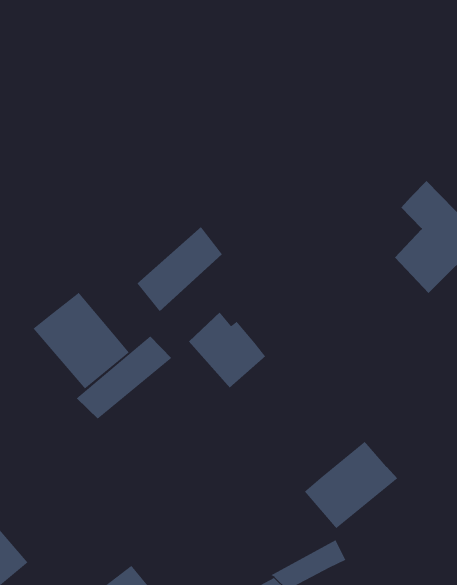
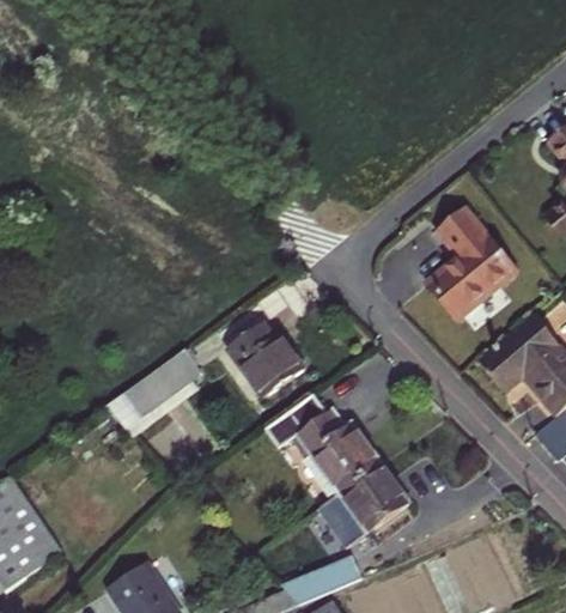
building: [137,226,223,312] -> none
building: [33,292,130,390] -> none
building: none -> [264,393,384,493]

